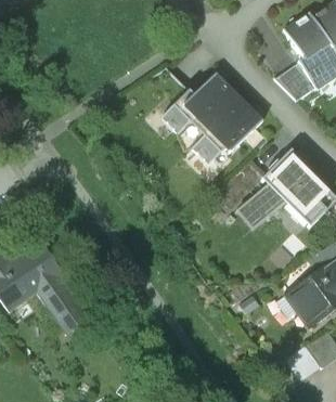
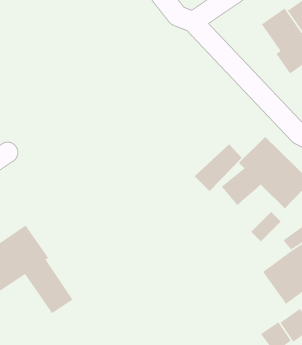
building: [277,63,316,98] -> none
building: [164,75,263,164] -> none

